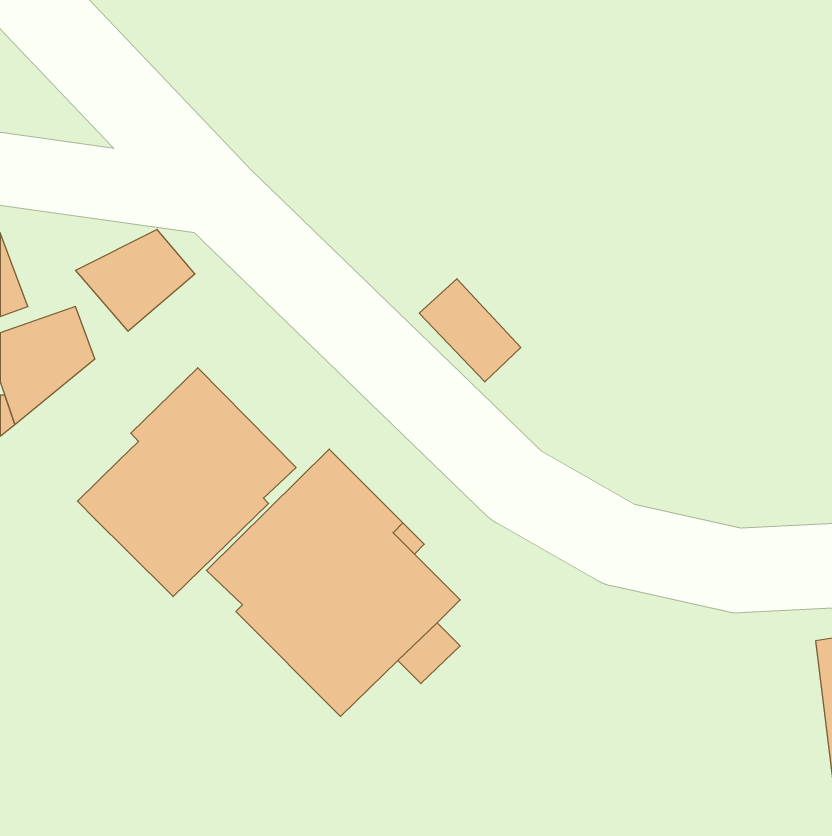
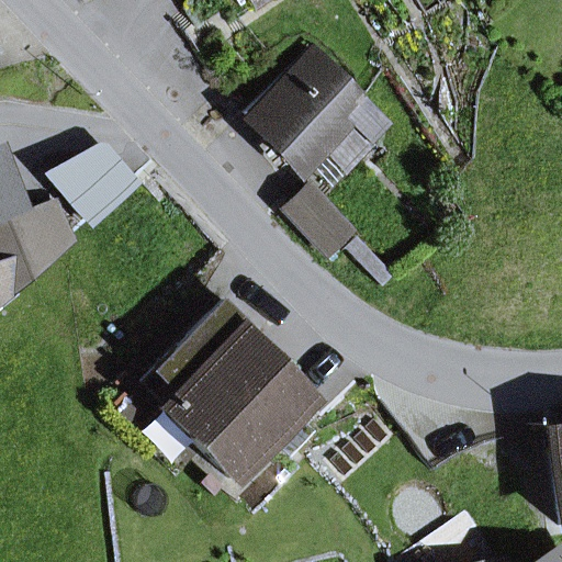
building: none -> [246,48,391,171]
building: [77,368,296,597] -> none

